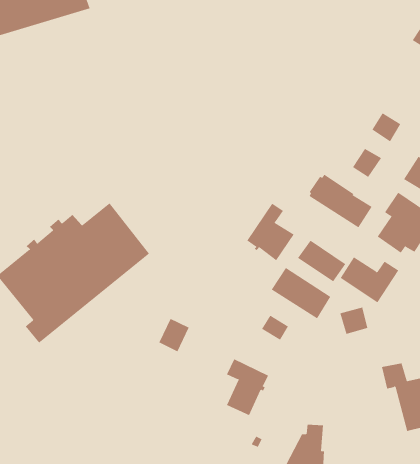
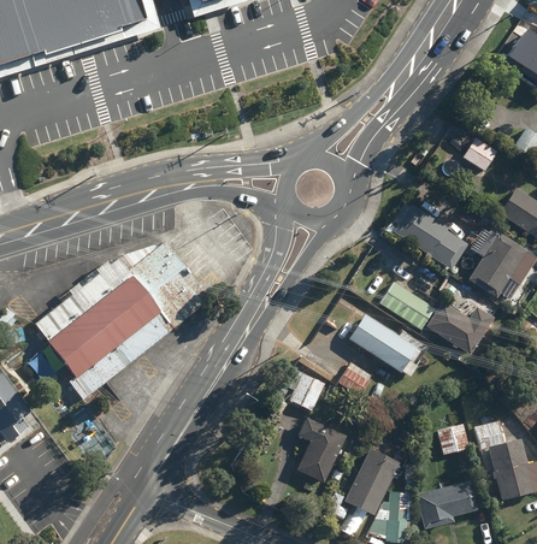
building: [352,148,382,178] -> none
building: [246,203,294,261] -> none
building: [339,307,368,334] -> [436,424,468,455]
building: [159,318,189,352] -> [289,372,324,410]
building: none -> [343,447,399,514]
building: none -> [414,480,477,528]

